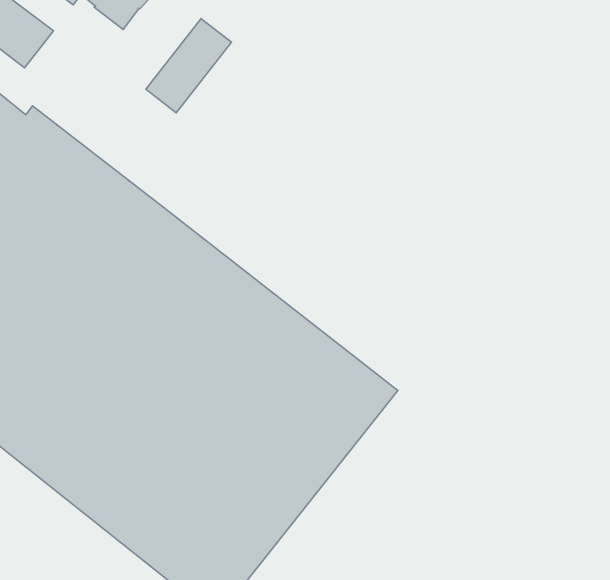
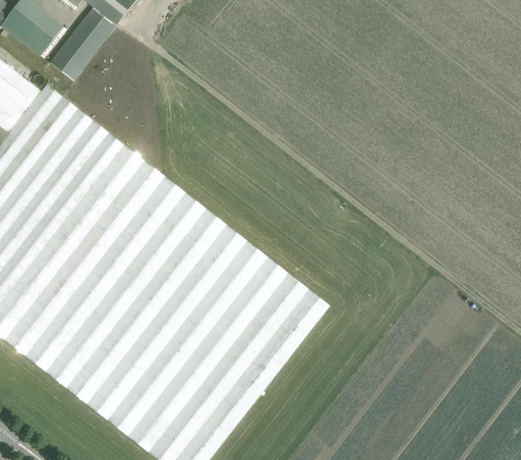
building: [146,18,231,113] -> [50,7,116,80]

